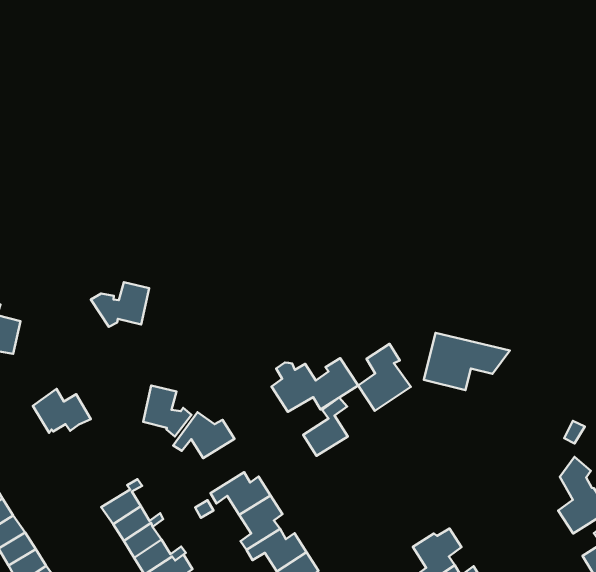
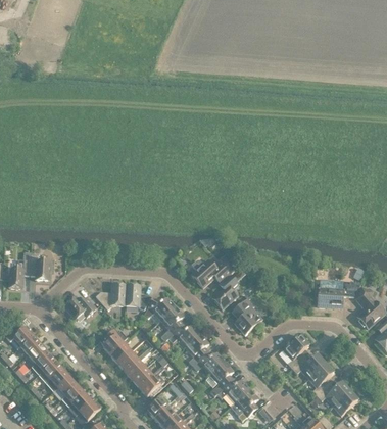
building: [91,282,149,327] -> [95,284,126,309]
building: [424,333,510,390] -> [318,279,361,307]
building: [358,344,411,411] -> [234,297,262,335]
building: none -> [160,306,184,341]
building: none -> [99,329,127,355]

